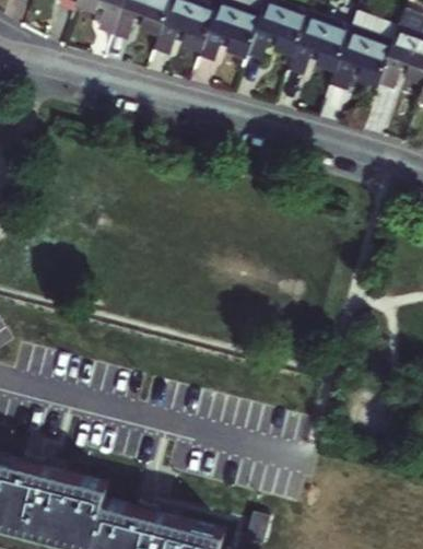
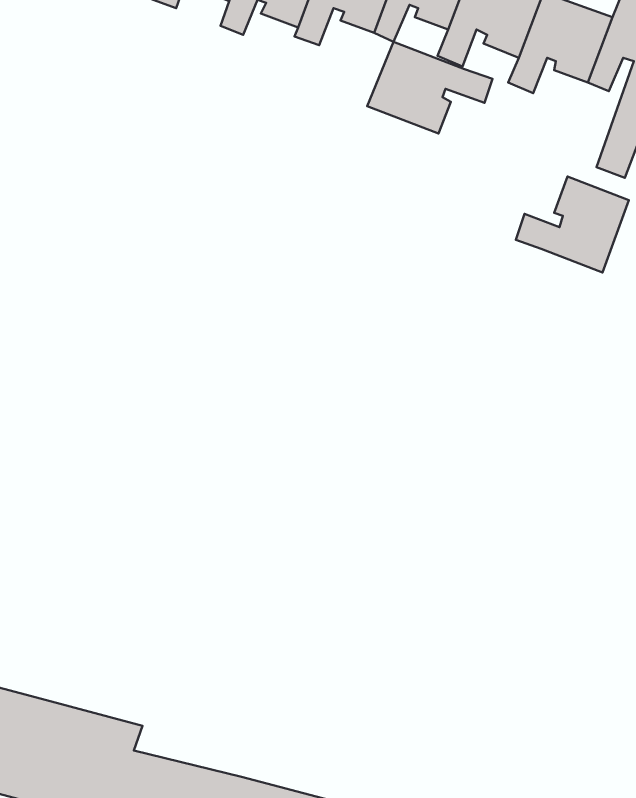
building: none -> [367,42,492,134]
building: none -> [516,177,629,272]

